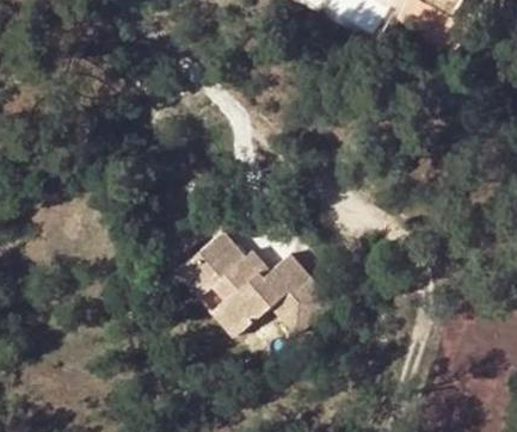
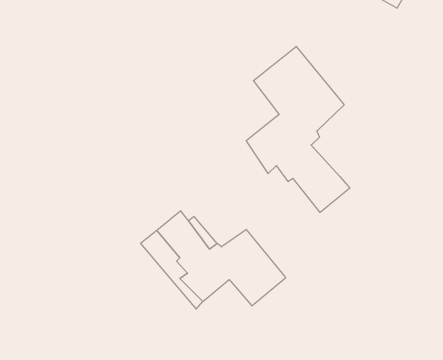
building: none -> [246,46,350,212]

